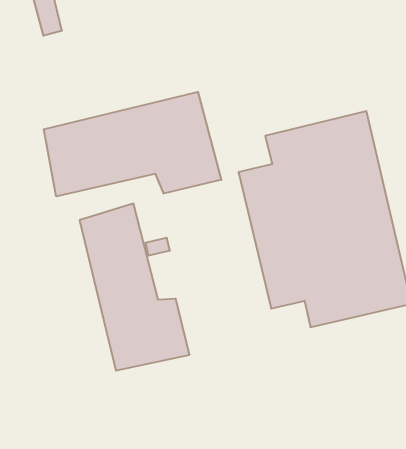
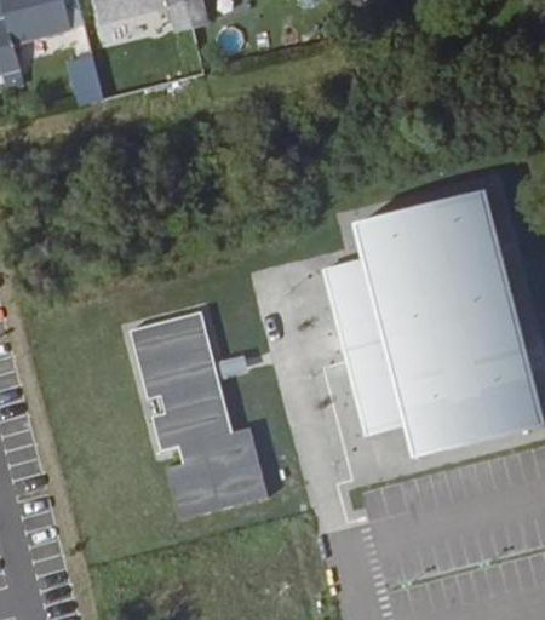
building: [44,92,221,196] -> none

